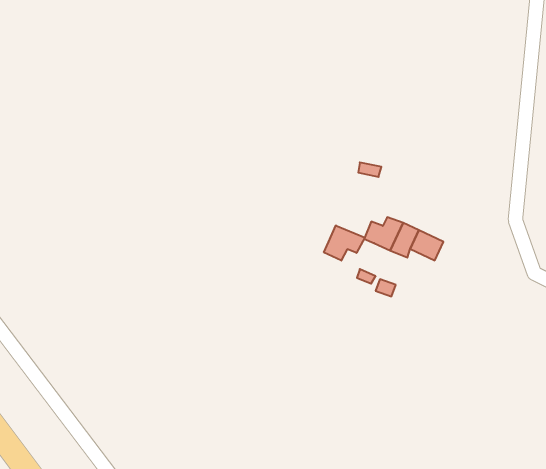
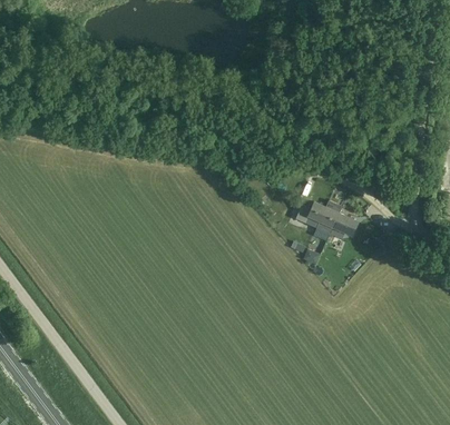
building: [324,225,365,261] -> none

